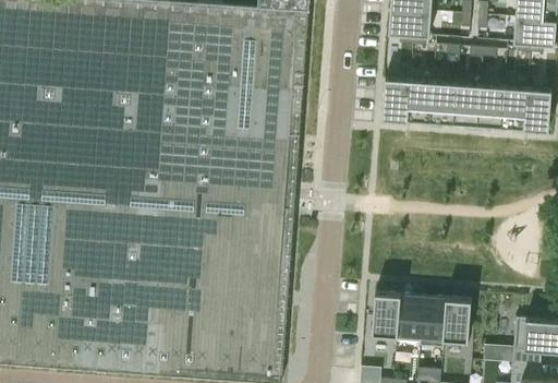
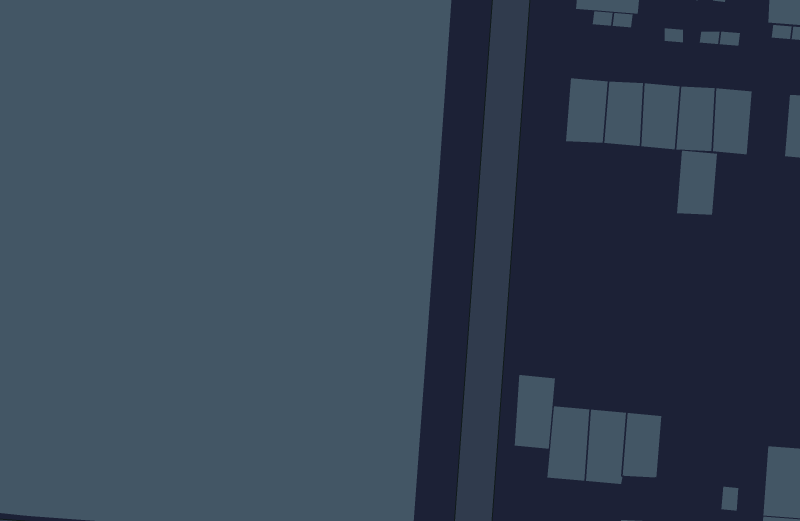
building: [499,88,526,131] -> [676,150,718,215]
building: none -> [514,374,555,449]
building: [439,300,469,348] -> none

